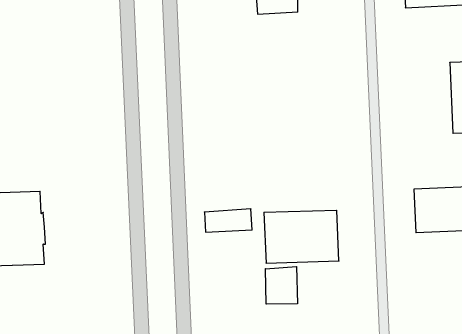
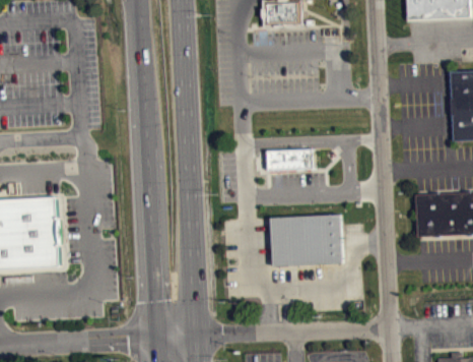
building: [204,209,252,232] -> [269,148,315,171]
building: [265,267,297,304] -> none

